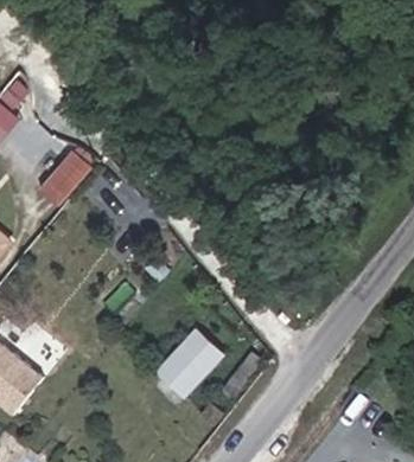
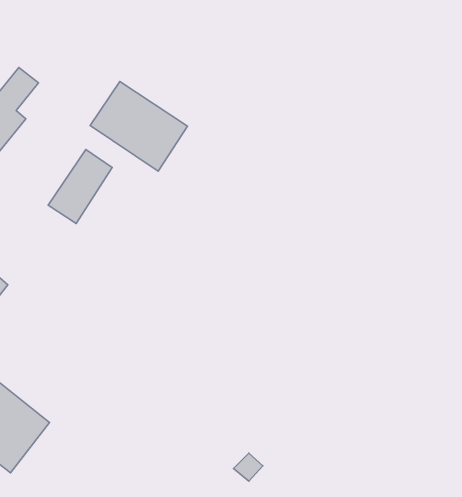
building: none -> [90,82,187,171]
building: [152,322,221,397] -> none

